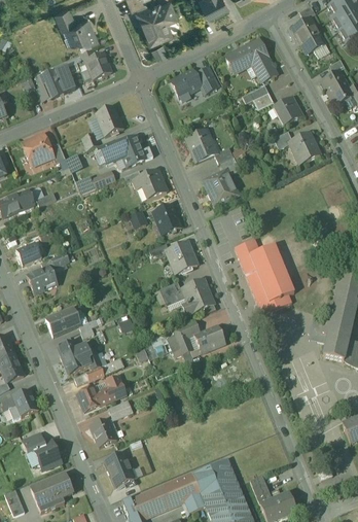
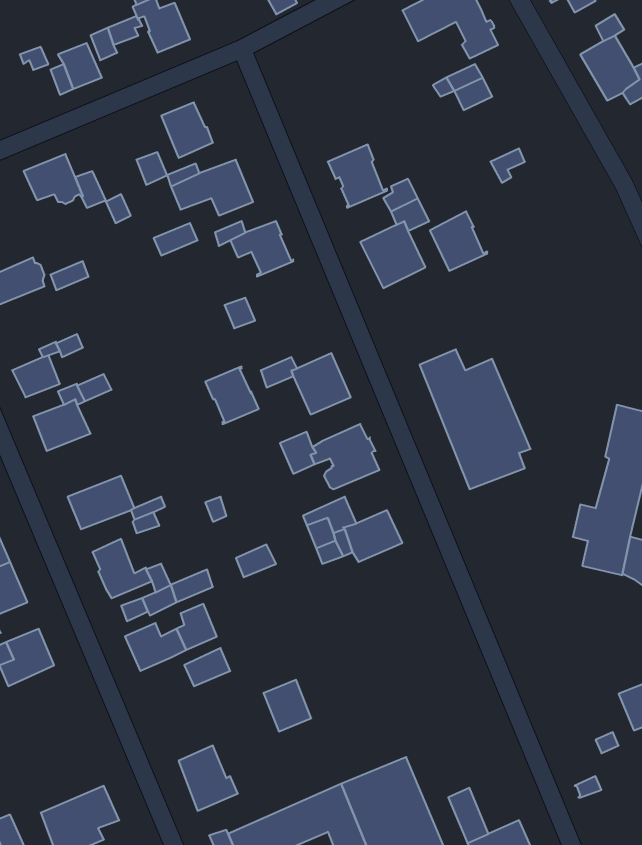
building: [170,68,220,98] -> none
building: [274,96,302,125] -> none
building: [289,131,320,163] -> [430,211,487,271]
building: [152,203,181,234] -> [205,367,259,424]
building: [91,418,116,446] -> [263,680,311,731]
building: [22,430,61,468] -> none

